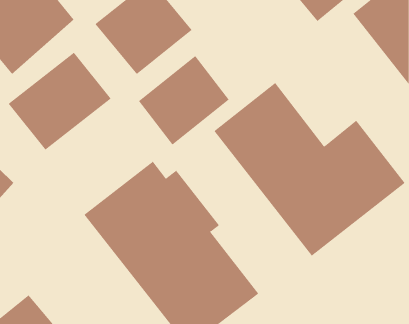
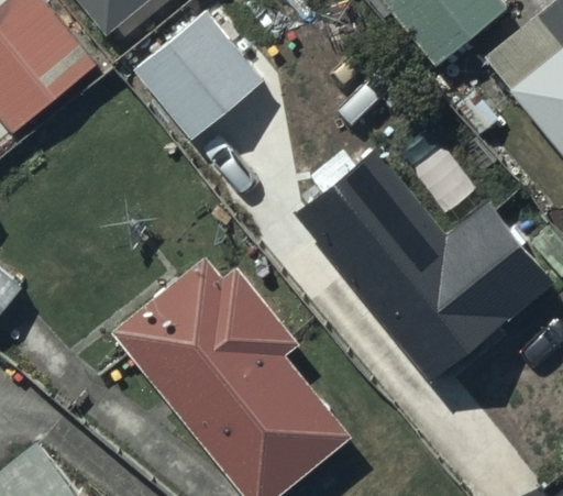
building: [8,52,111,151] -> none
building: [138,55,229,146] -> none

